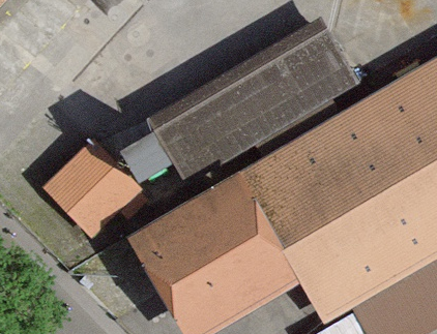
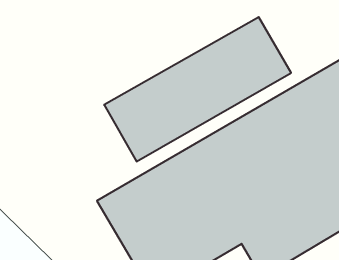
building: [43,143,137,236] -> none

